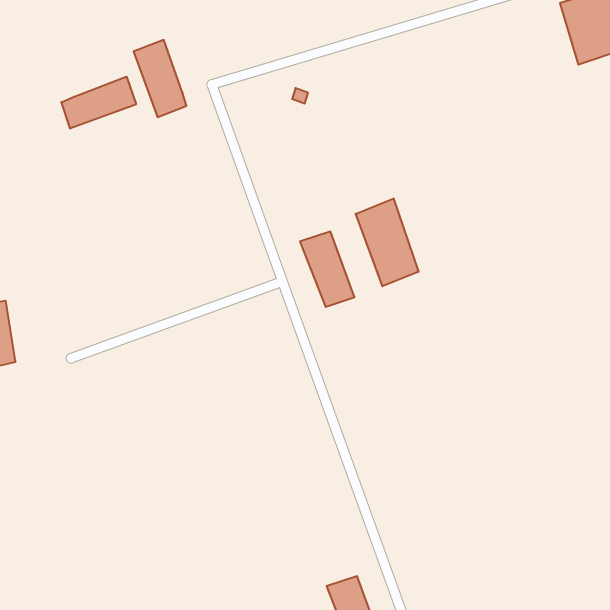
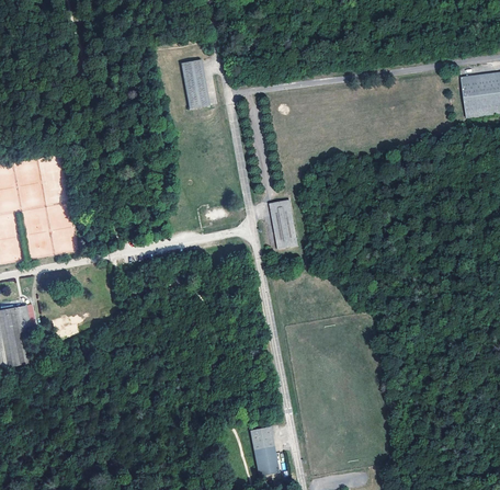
building: [61,77,136,129] -> none
building: [356,198,418,286] -> none

